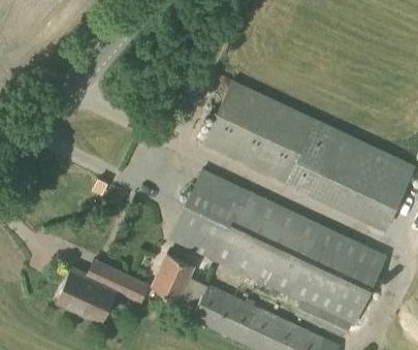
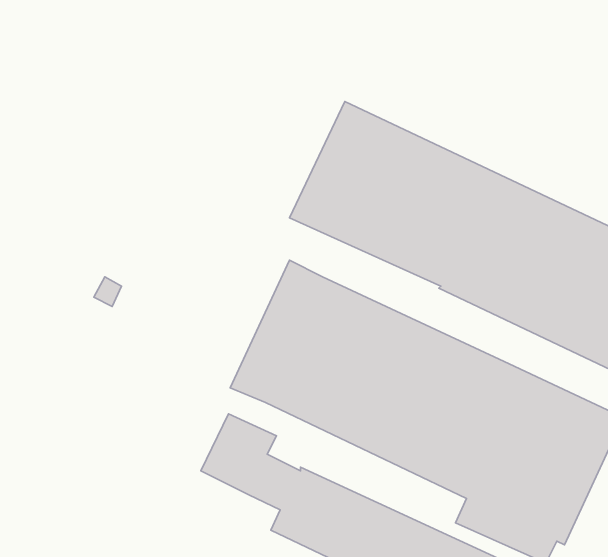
building: [57,258,150,323] -> none

